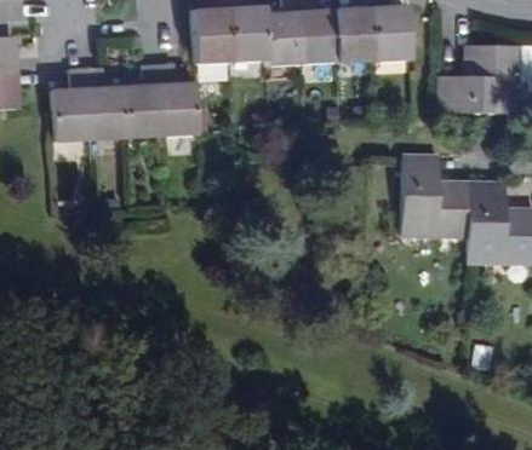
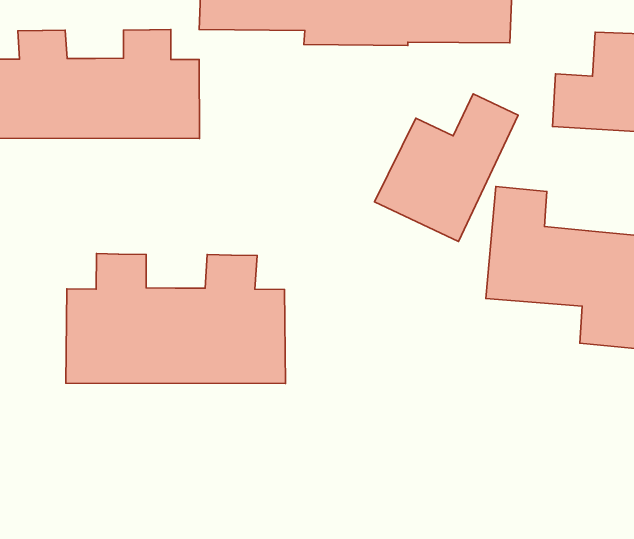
building: none -> [374,94,518,242]
building: none -> [66,253,286,384]

